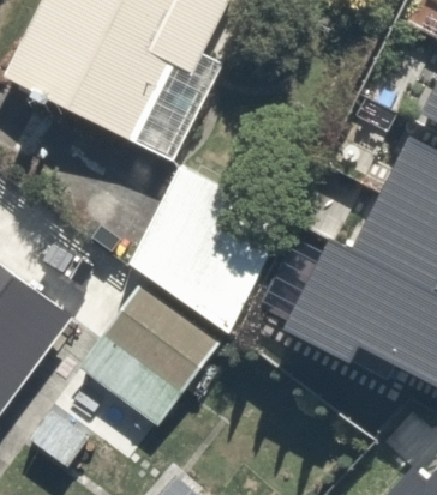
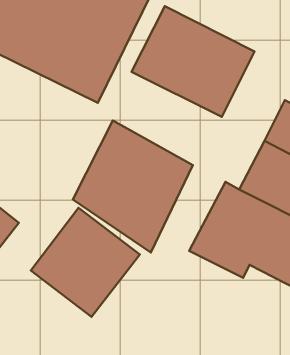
building: none -> [131,6,254,117]

